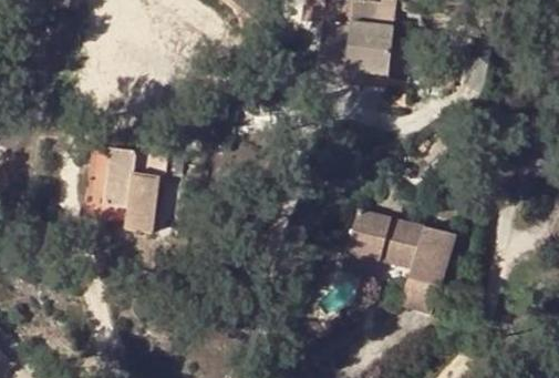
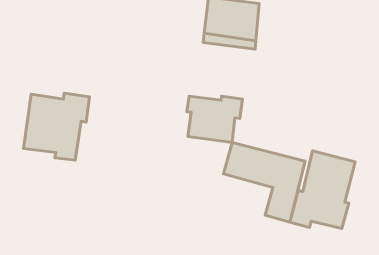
building: none -> [187,96,242,142]
building: none -> [290,151,355,228]

